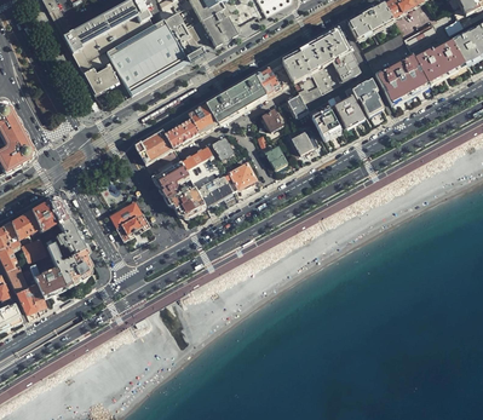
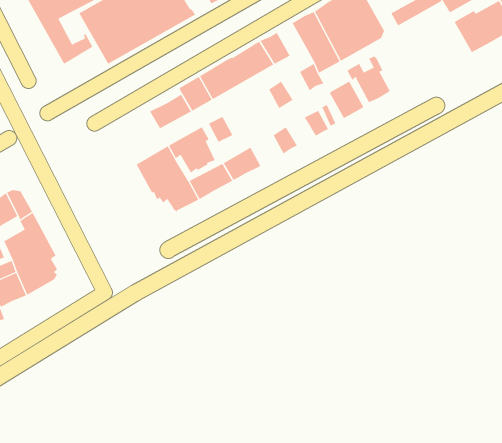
building: [375,54,430,105] -> none
building: [352,79,383,114] -> none
building: [136,128,173,163] -> none
building: [108,199,150,241] -> none

